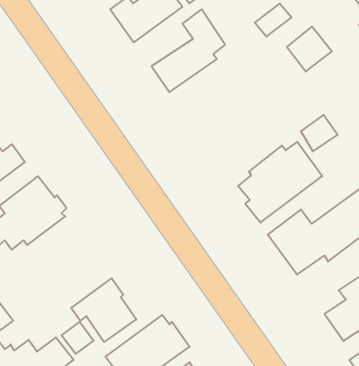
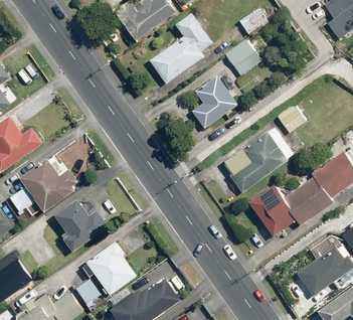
building: [287,27,332,72] -> [223,38,261,76]
building: none -> [191,75,239,129]
building: none -> [54,197,109,251]

